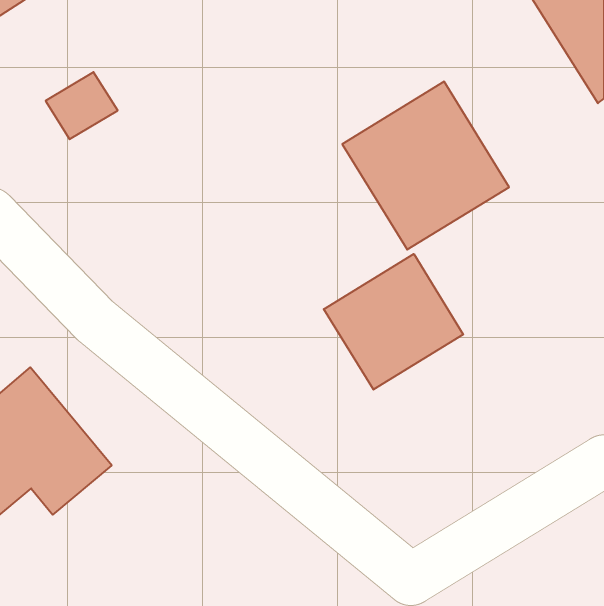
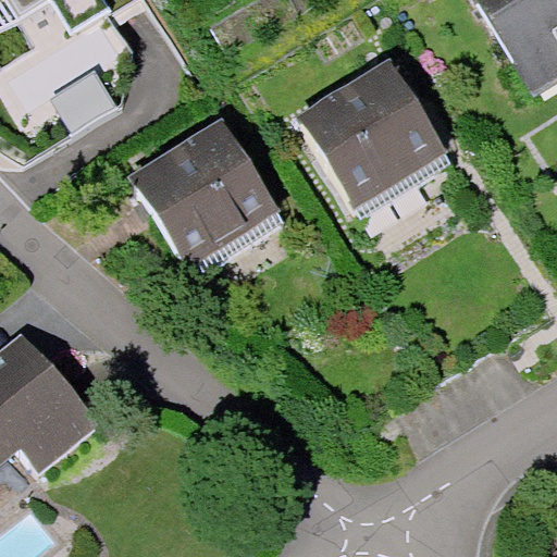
building: none -> [122,112,271,262]
building: [324,254,463,390] -> none

